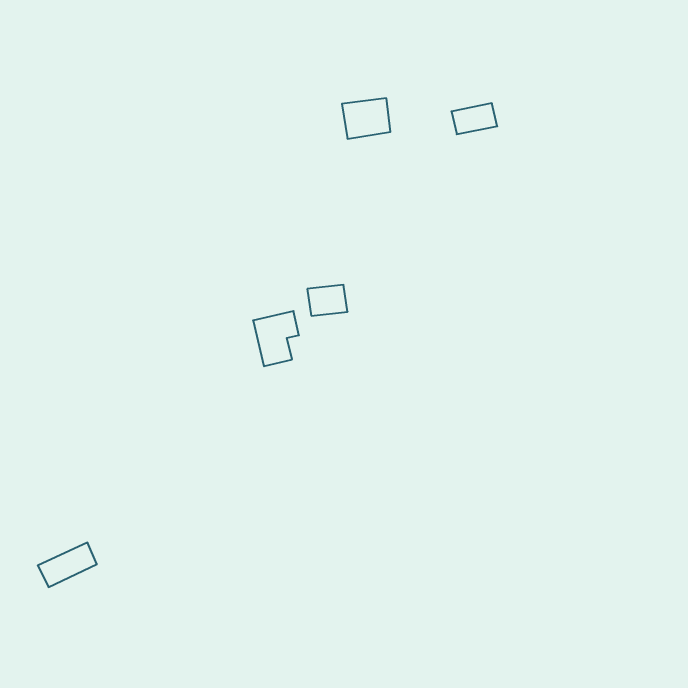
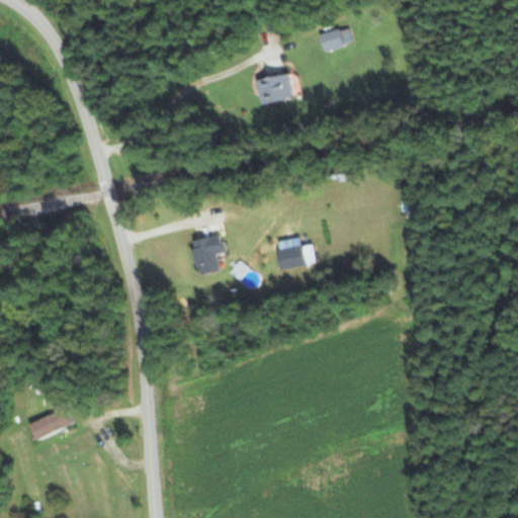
building: [451,103,497,134] -> [319,27,353,51]
building: [307,285,348,316] -> [276,246,307,269]

